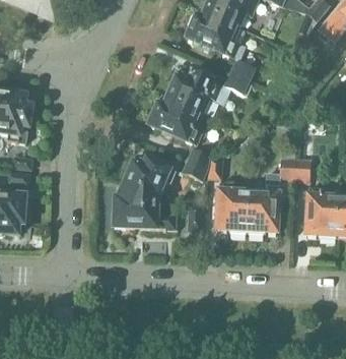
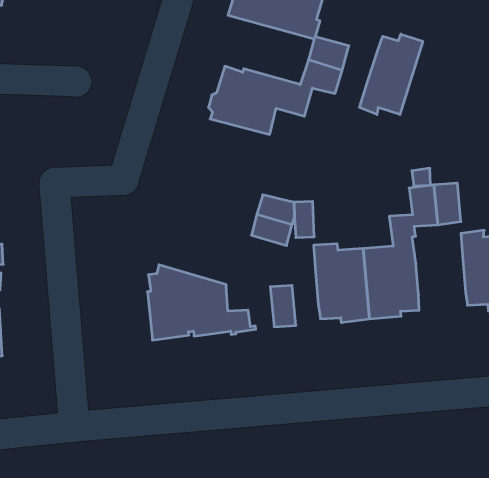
building: none -> [359,34,423,115]
building: [148,96,201,144] -> none
building: [124,155,176,199] -> none

